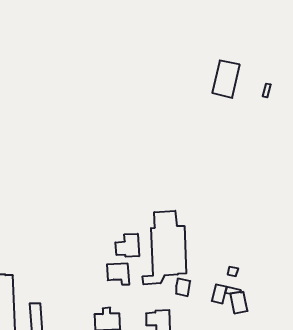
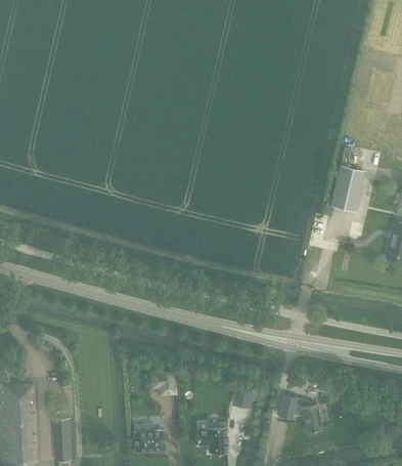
building: [212,60,240,98] -> [330,166,364,212]
building: [143,211,186,284] -> none
building: [115,234,139,257] -> none

